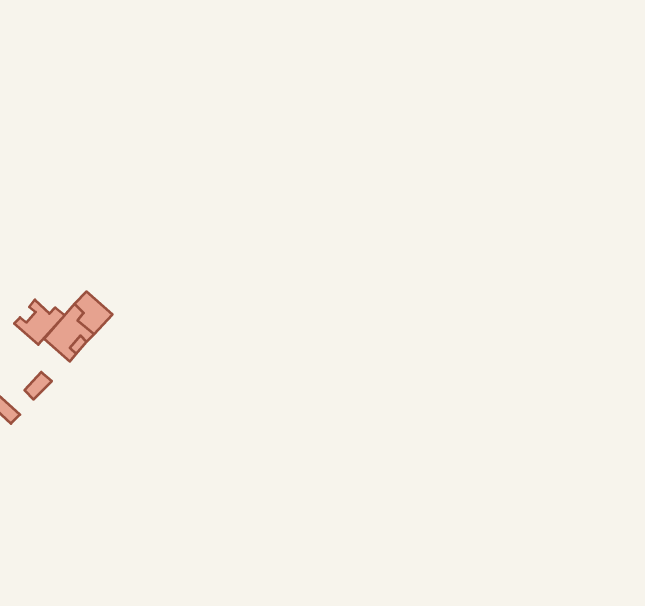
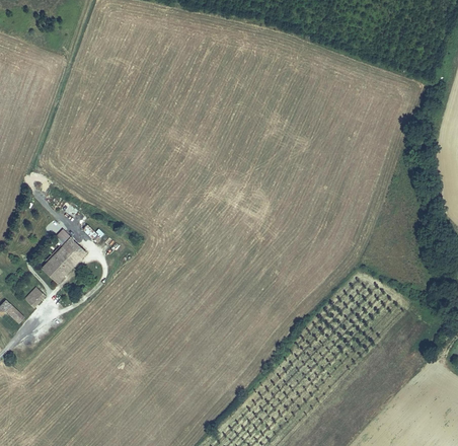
building: [14,300,65,345] -> none

